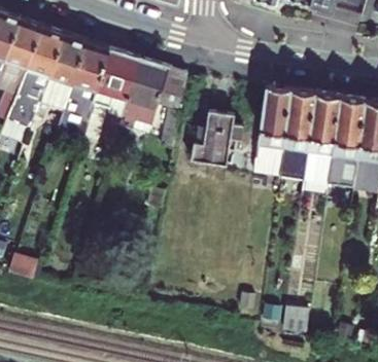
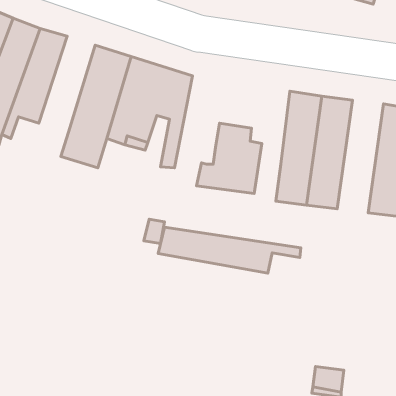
building: [63,40,108,117] -> none
building: [303,92,340,182] -> none
building: none -> [158,227,301,273]

